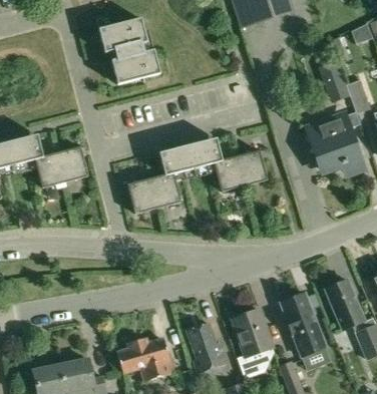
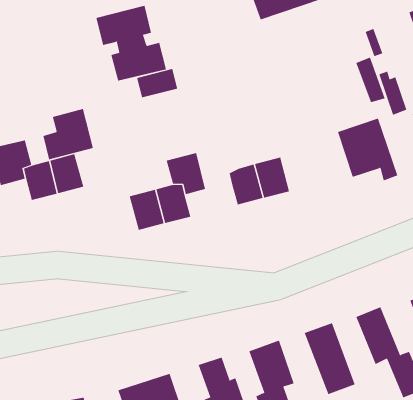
building: none -> [136,68,178,98]
building: none -> [43,108,94,160]
building: [185,136,222,176] -> none

